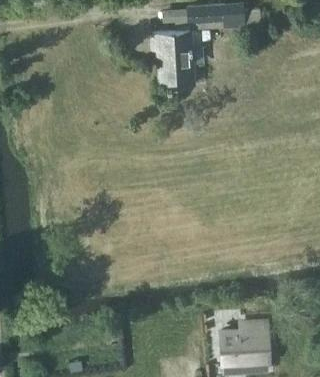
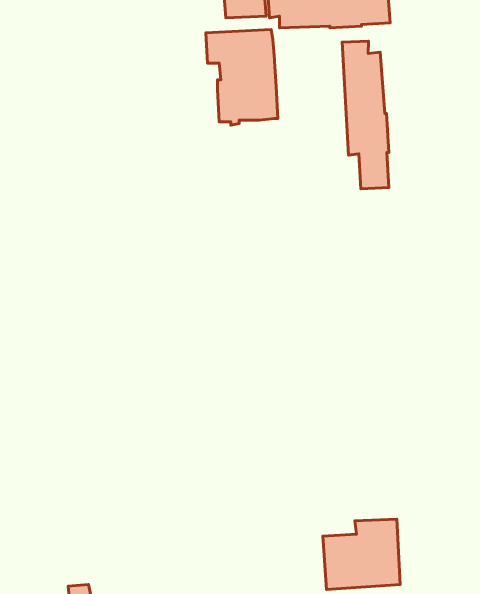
building: none -> [342,41,389,189]

